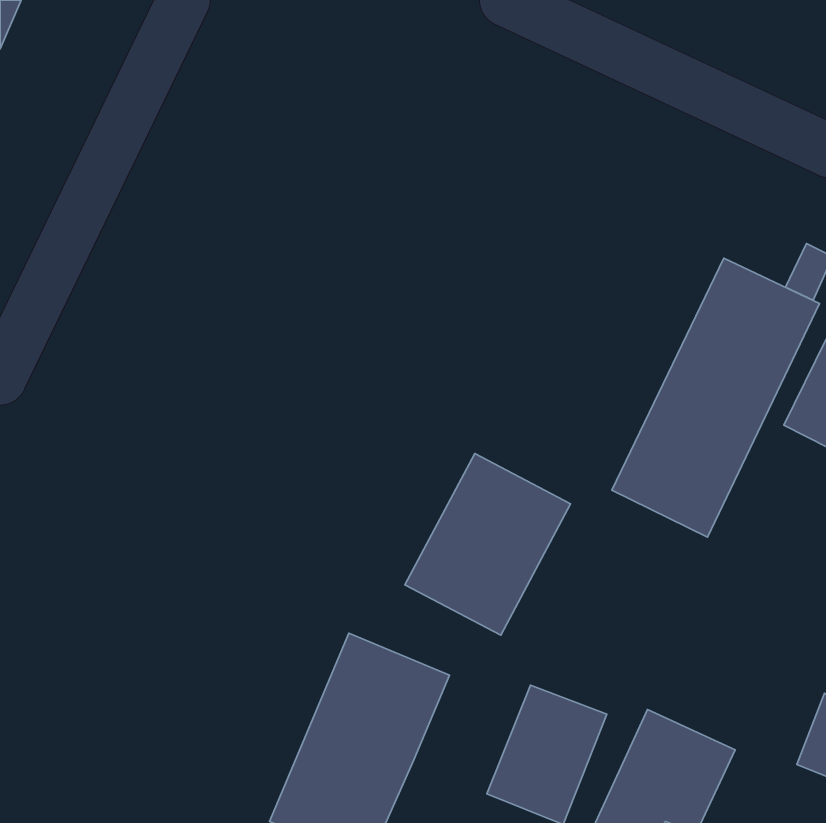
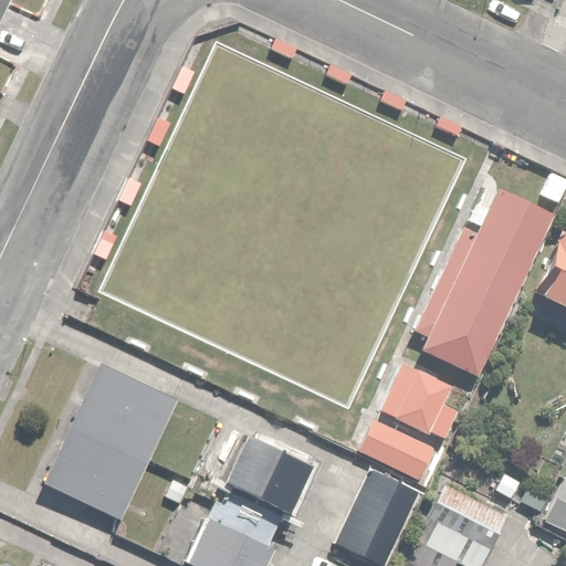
building: [405,453,570,635] -> [357,361,470,485]
building: none -> [43,361,181,522]

